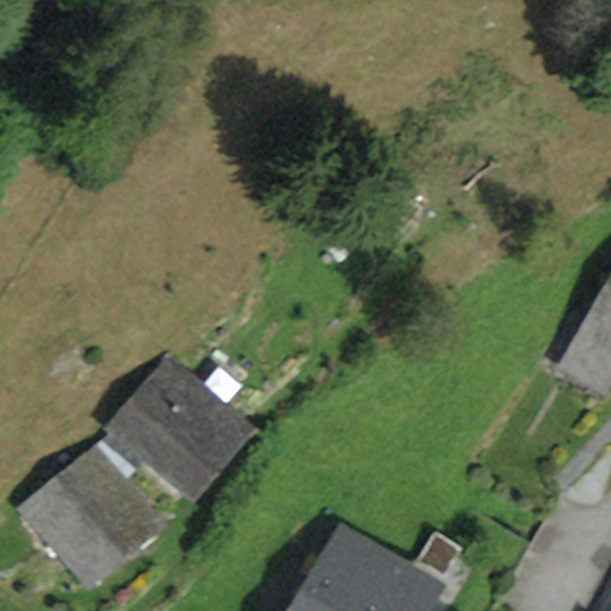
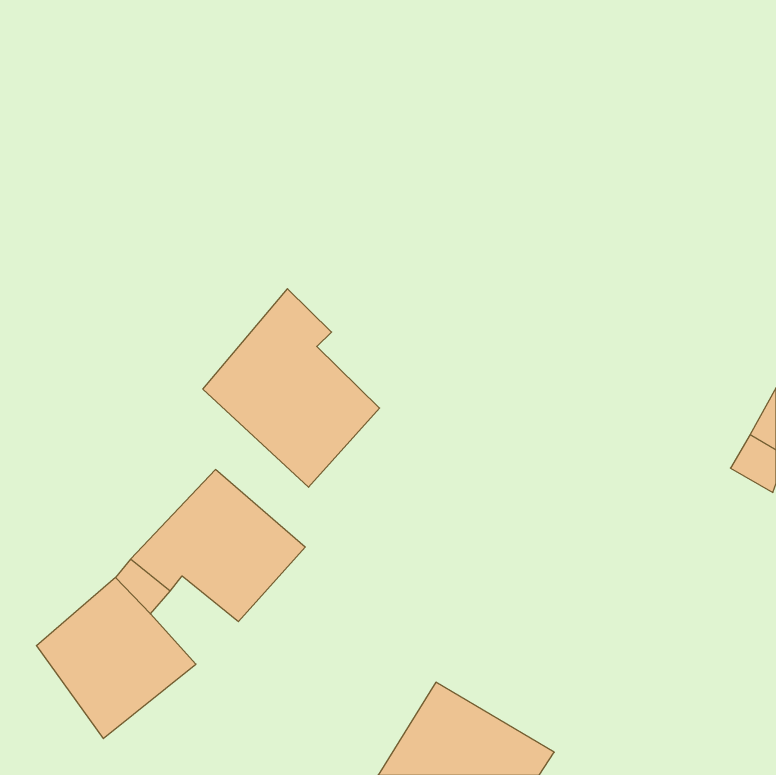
building: none -> [203,289,380,487]

